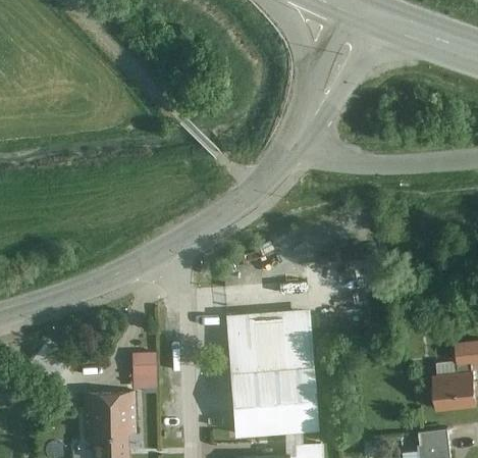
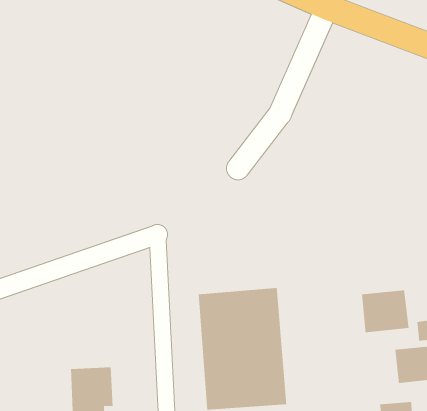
building: none -> [361,289,410,333]
building: [131,354,154,390] -> none

